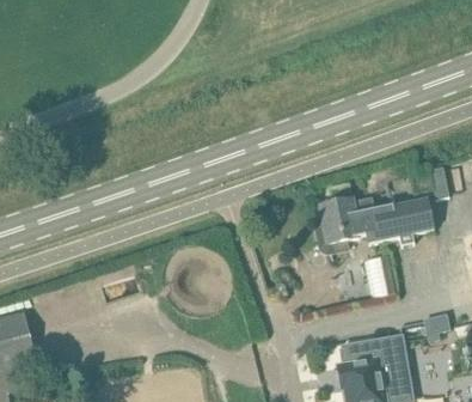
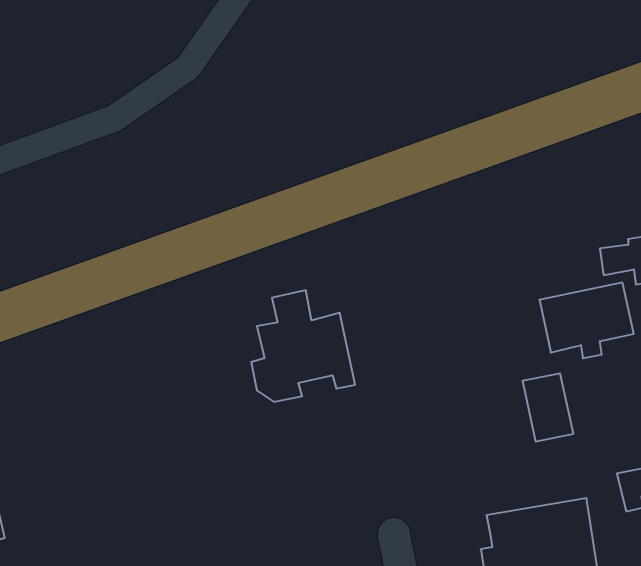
building: [315,182,381,252] -> [251,290,355,402]

